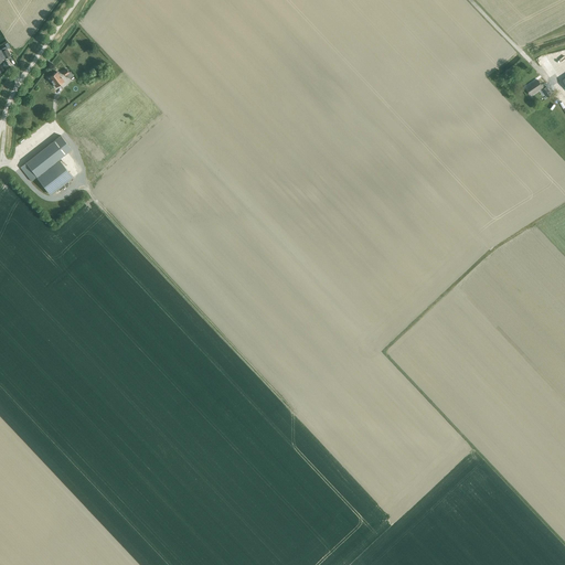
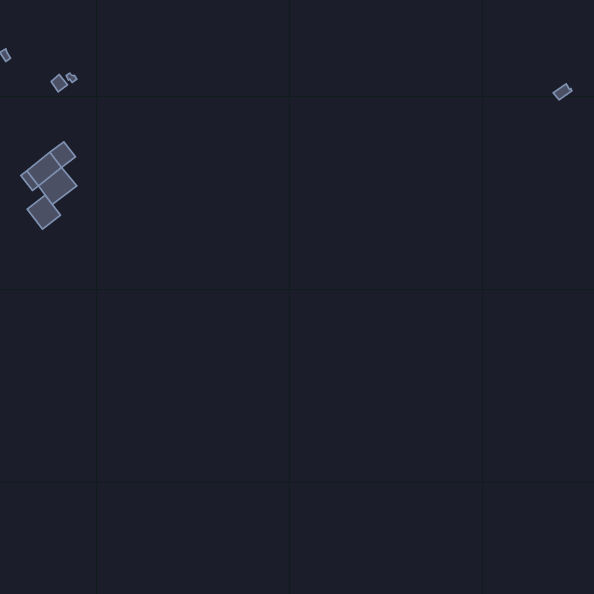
building: none -> [27,195,60,229]

